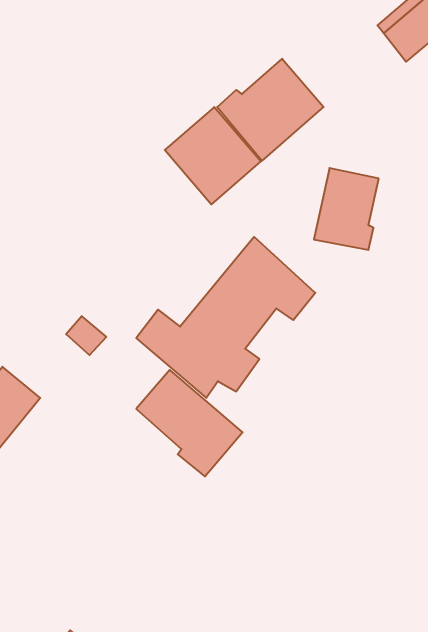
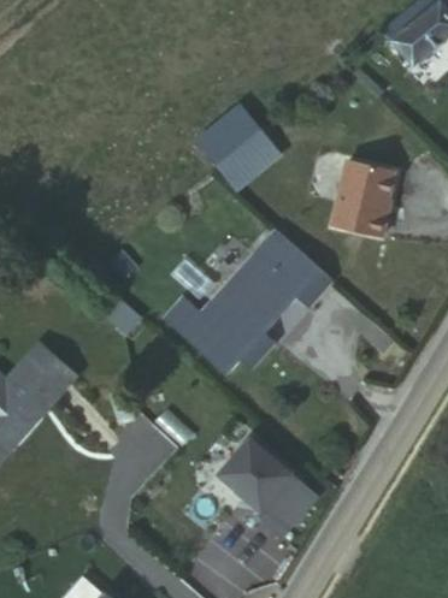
building: [217,59,324,161] -> none
building: [136,370,243,476] -> [217,437,316,535]

